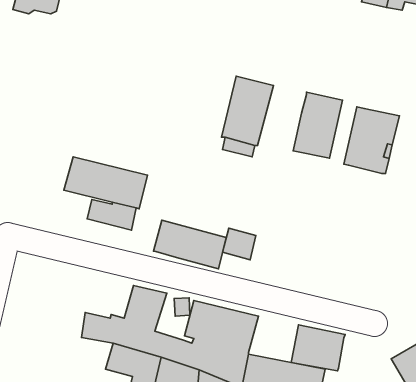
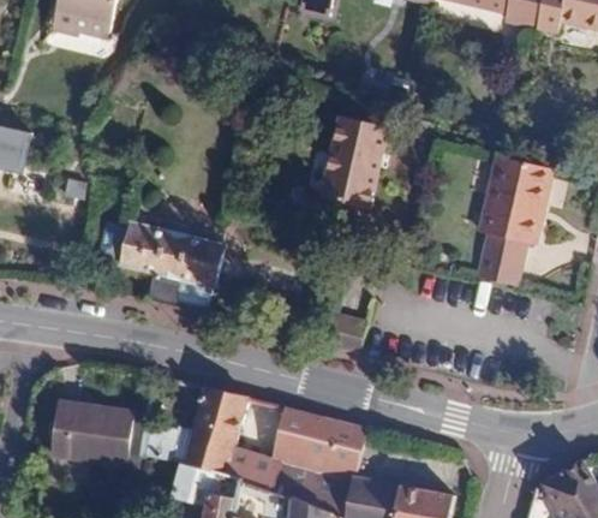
building: [293,92,343,158] -> none
building: none -> [474,232,528,287]
building: [153,220,226,269] -> none
building: none -> [52,401,136,466]
building: [291,325,345,371] -> none

